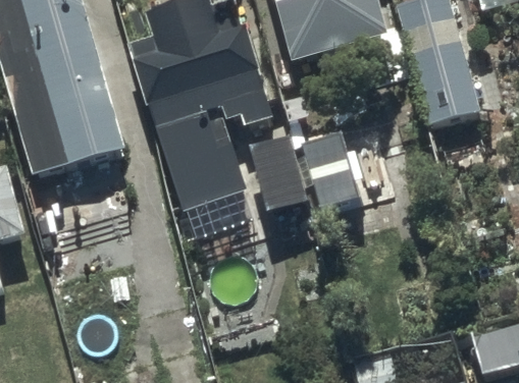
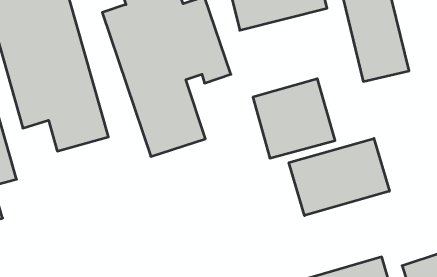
building: none -> [289,138,389,216]

